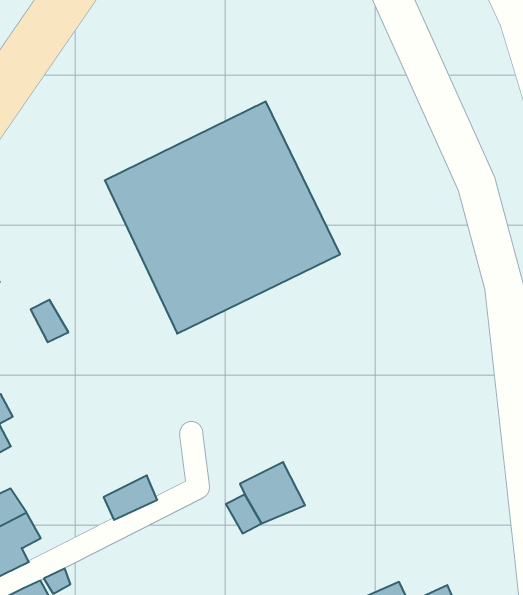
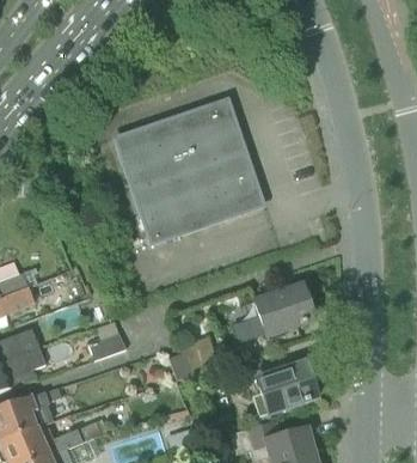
building: none -> [241,281,314,339]
building: none -> [256,360,318,412]

